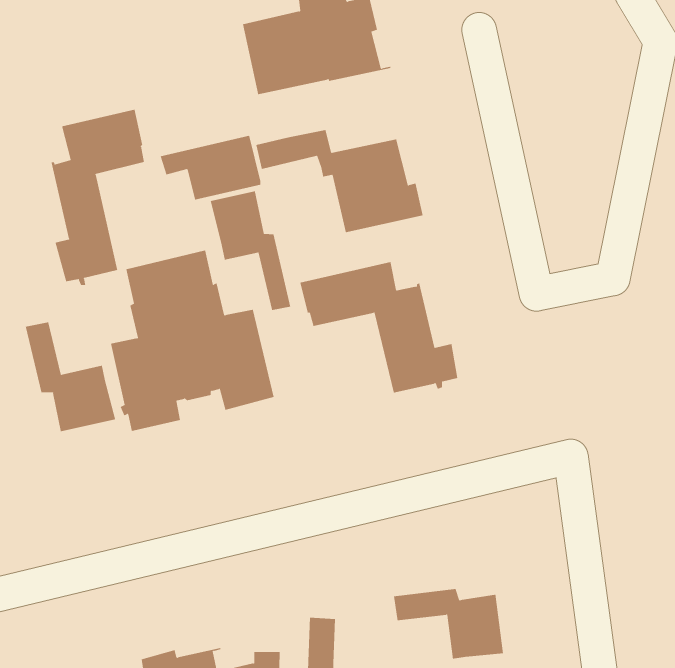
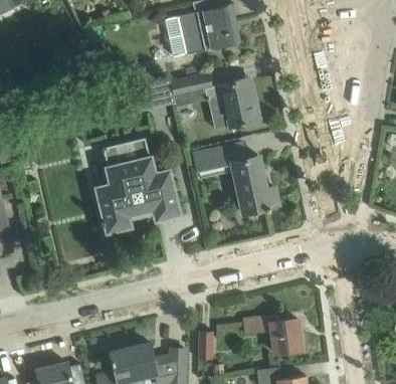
building: [51,109,145,286] -> none
building: [210,191,291,311] -> none
building: [25,321,116,432] -> none

